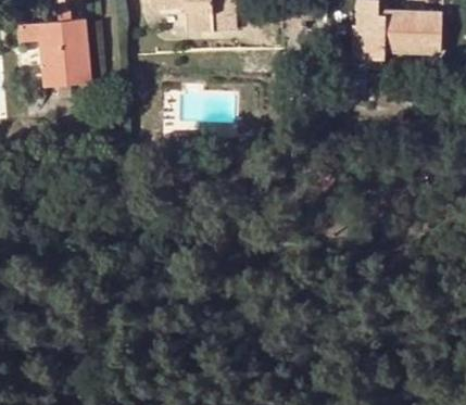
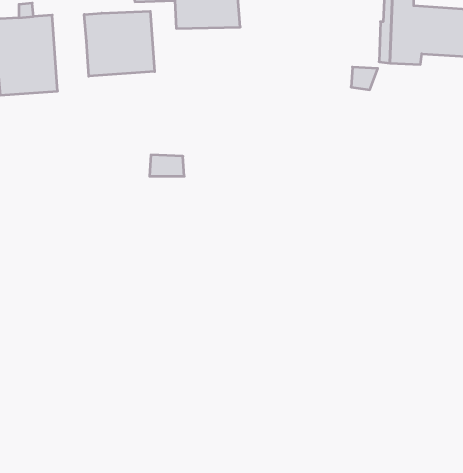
building: none -> [84,11,155,76]

